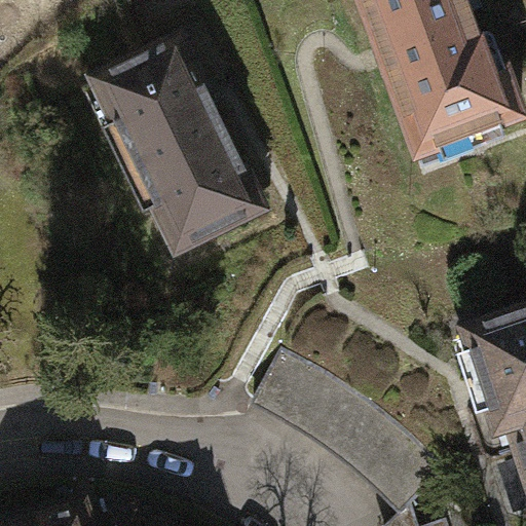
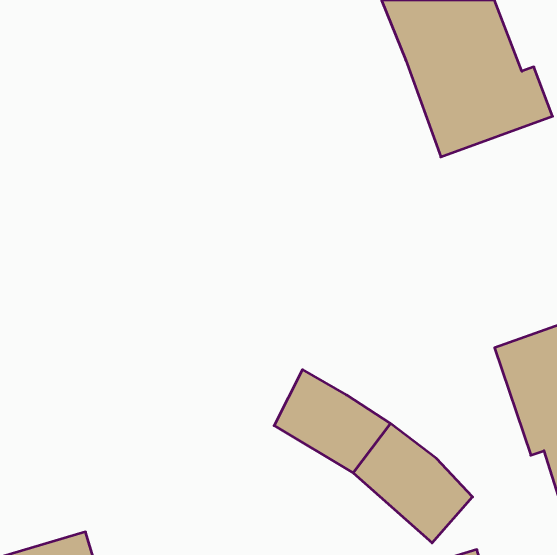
building: [87,38,258,252] -> none

